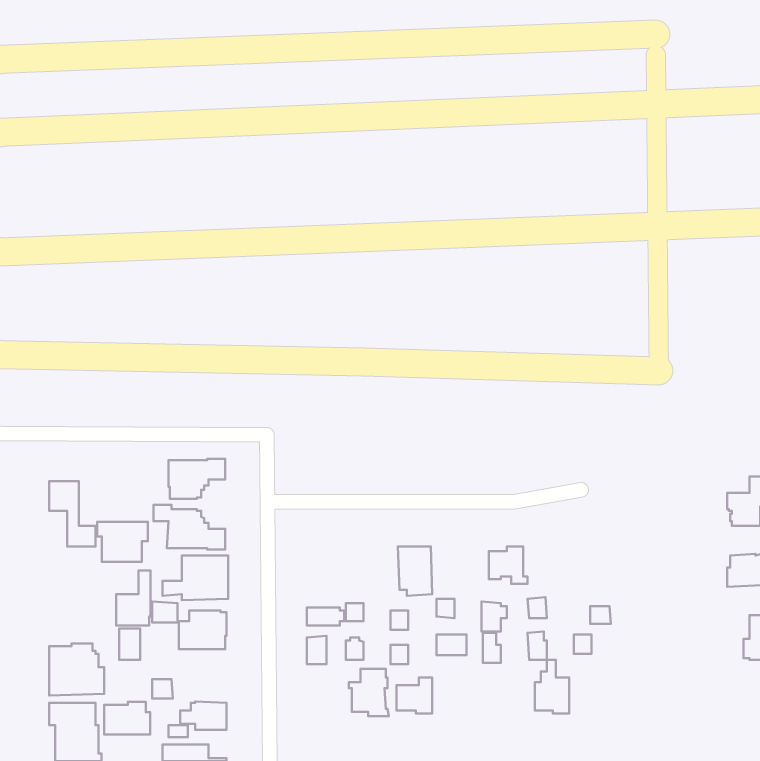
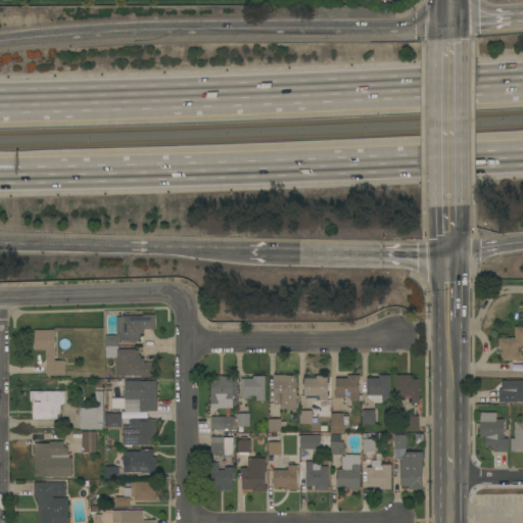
building: [97,522,148,562] -> [31,391,65,419]
building: none -> [367,375,391,402]
building: none -> [396,375,419,403]
building: none -> [211,376,233,408]
building: none -> [241,376,266,400]
building: none -> [304,376,328,400]
building: none -> [481,413,509,453]
building: none -> [400,453,423,489]
building: none -> [336,455,361,490]
building: none -> [300,462,329,490]
building: none -> [211,463,234,490]
building: [104,702,150,735] -> [125,449,156,472]

